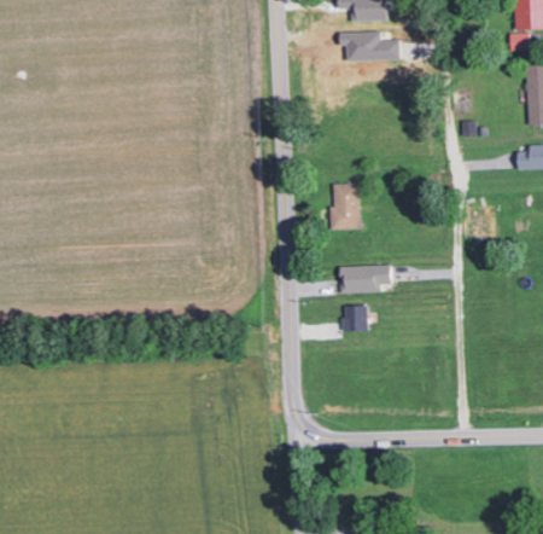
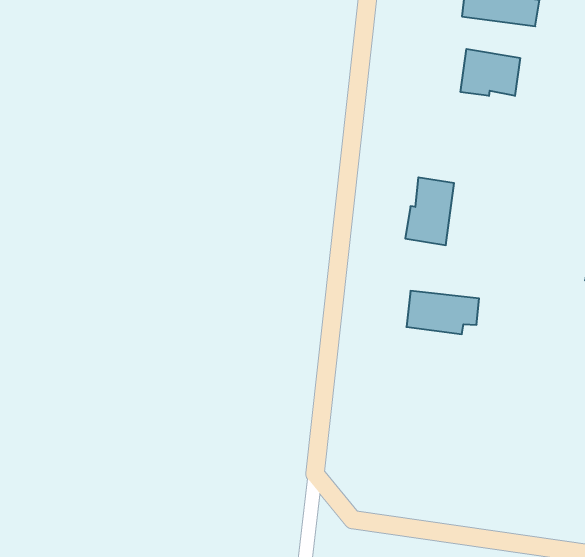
building: none -> [461,49,520,96]
building: [343,304,368,331] -> none

